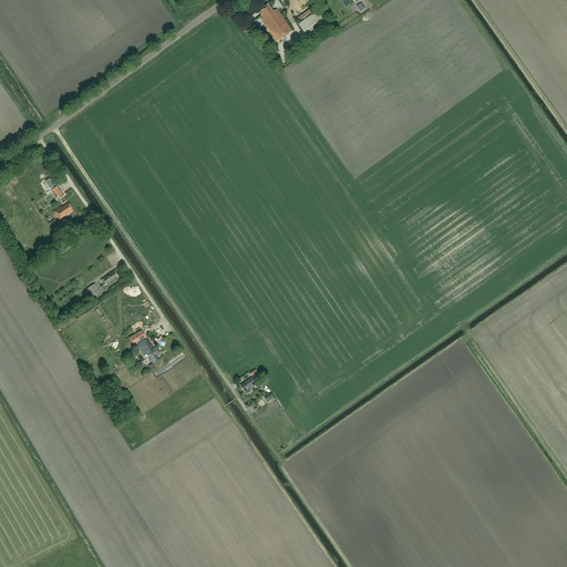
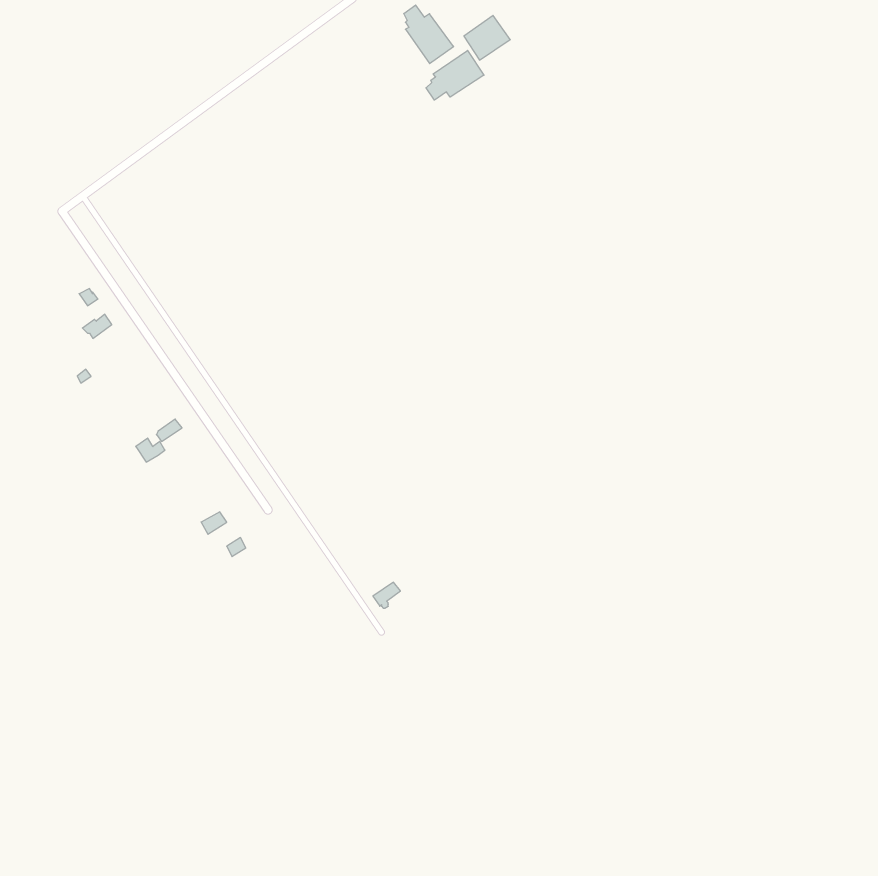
building: none -> [426,50,484,100]

